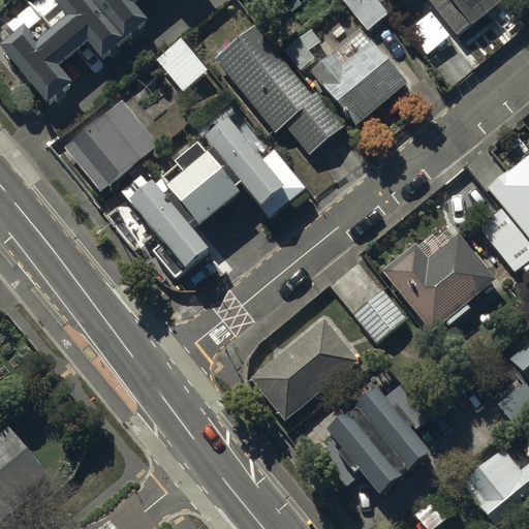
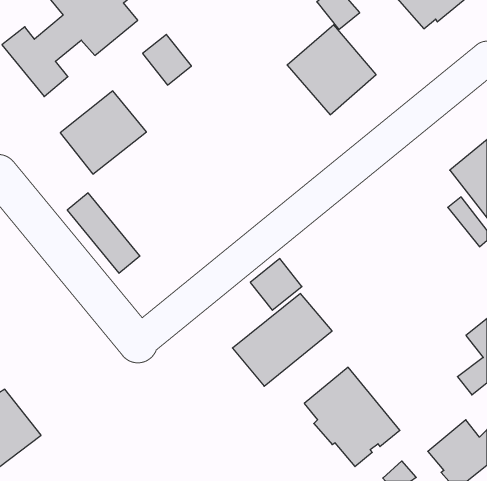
building: [210,21,342,151] -> none
building: [206,121,306,217] -> none
building: [168,155,241,227] -> none
building: [130,184,209,271] -> [67,193,140,273]
building: [382,234,495,330] -> none
building: [350,290,406,346] -> [250,259,302,310]

